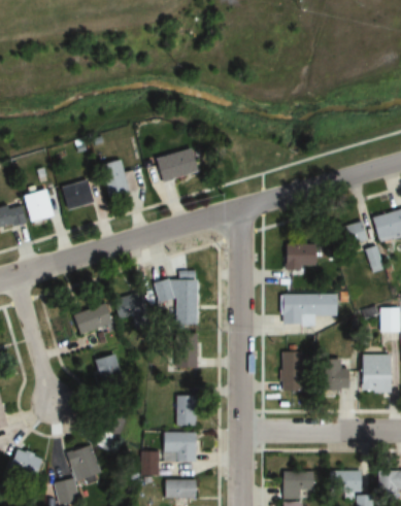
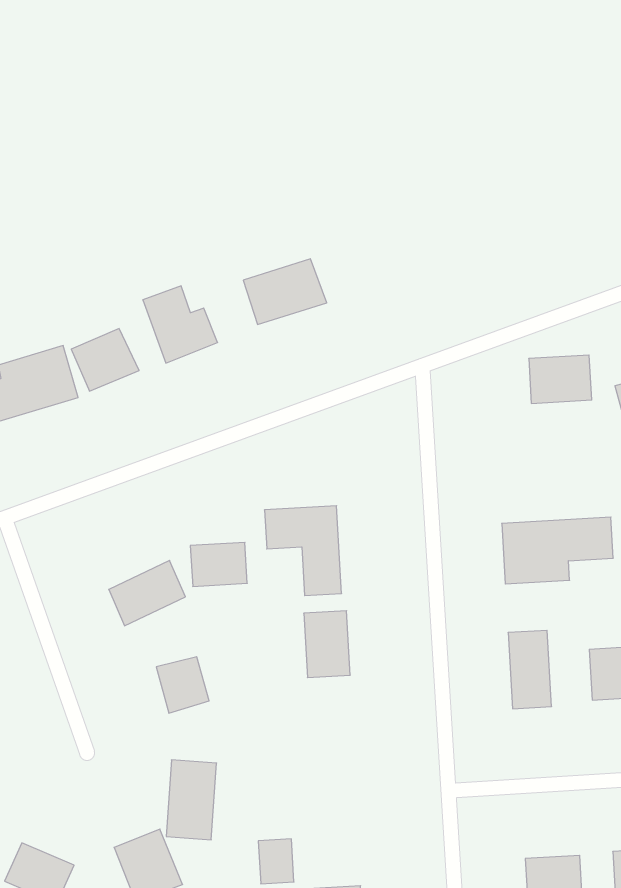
building: [283,243,315,267] -> [529,355,592,403]
building: [176,395,196,426] -> none
building: [164,432,196,463] -> none

